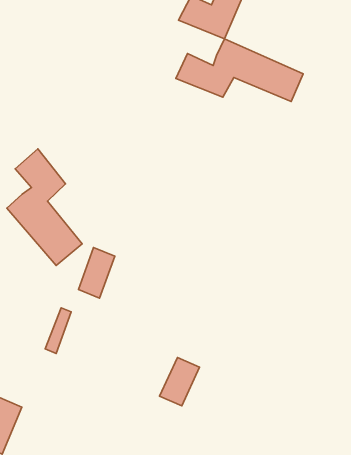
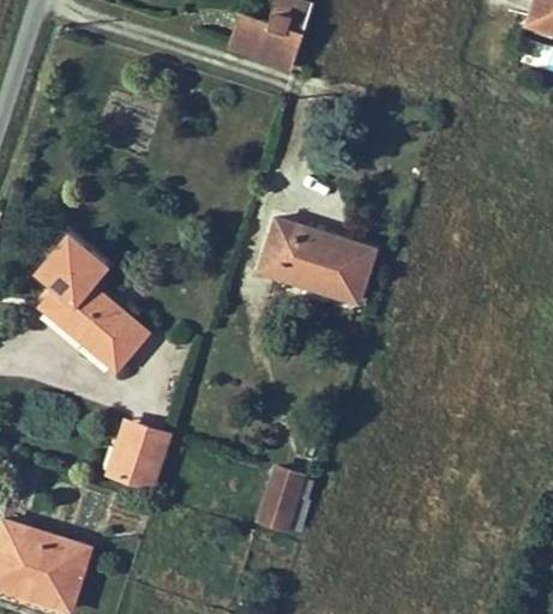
building: [176,39,303,102] -> none
building: none -> [252,221,363,300]
building: [78,248,115,298] -> [124,426,166,488]

